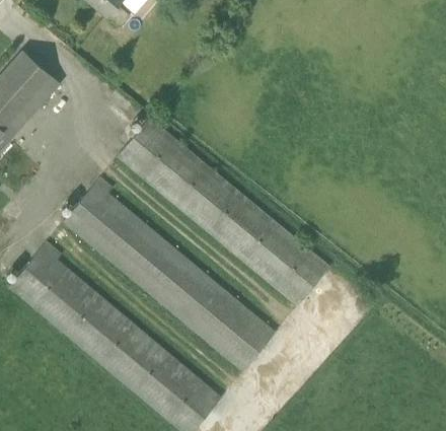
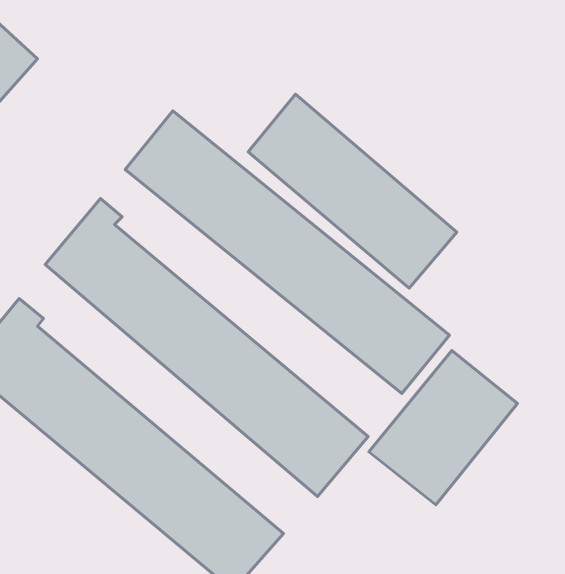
building: none -> [248,94,457,288]
building: none -> [369,350,517,505]

